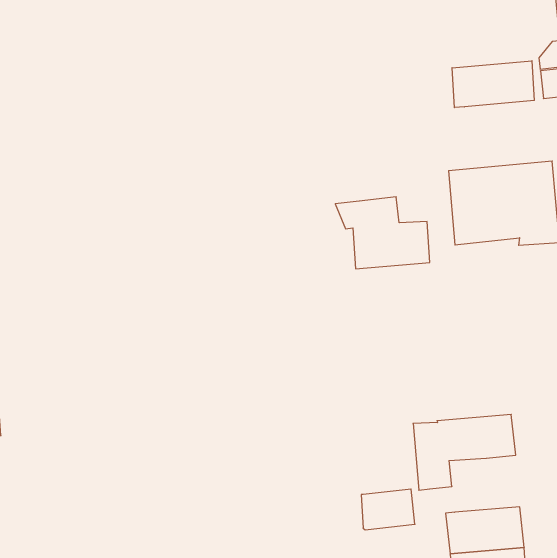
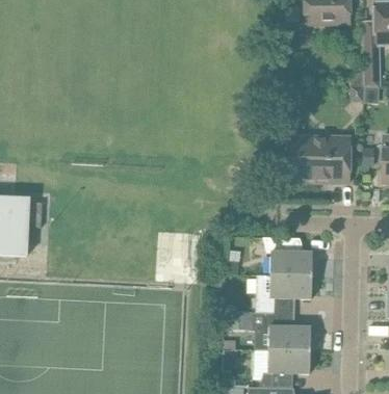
building: [452,61,534,108] -> none
building: [335,197,430,269] -> [264,237,314,275]

